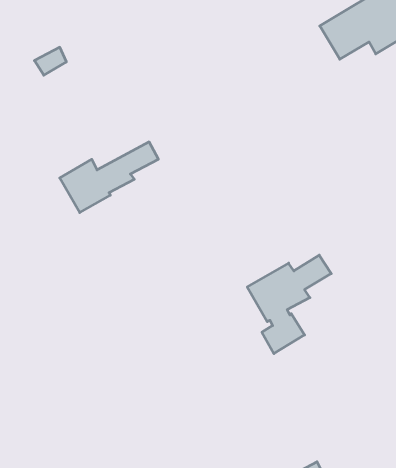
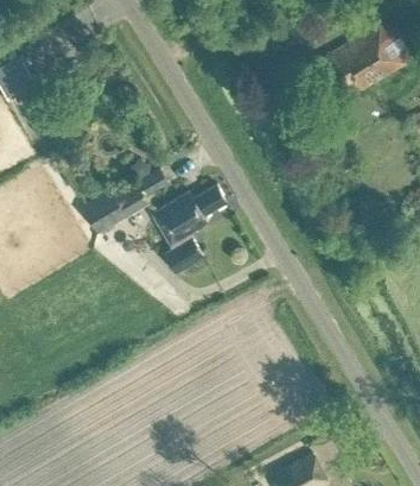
building: [247,255,331,354] -> [153,184,228,272]

